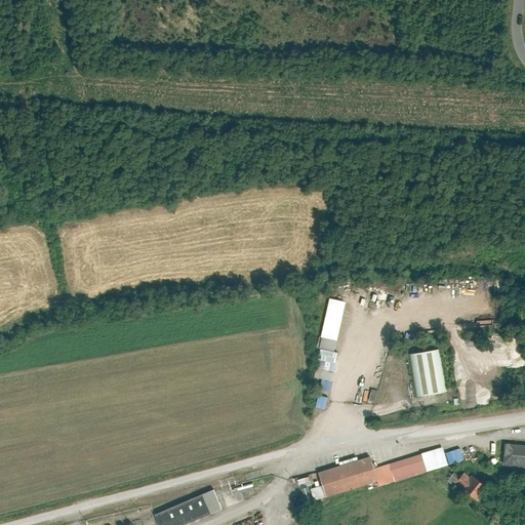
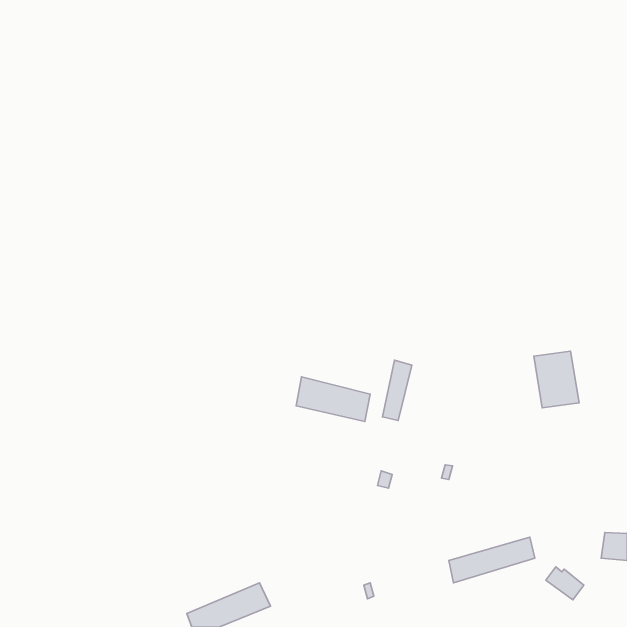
building: none -> [296,377,370,422]
building: [408,349,446,396] -> [534,351,579,408]
building: [318,456,375,497] -> none

